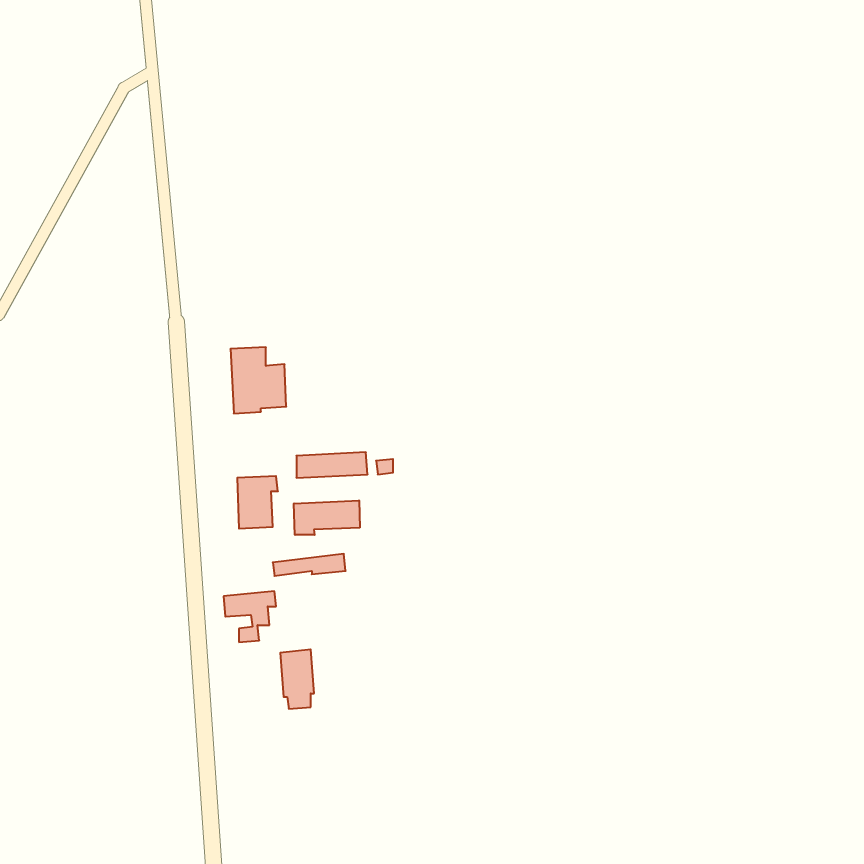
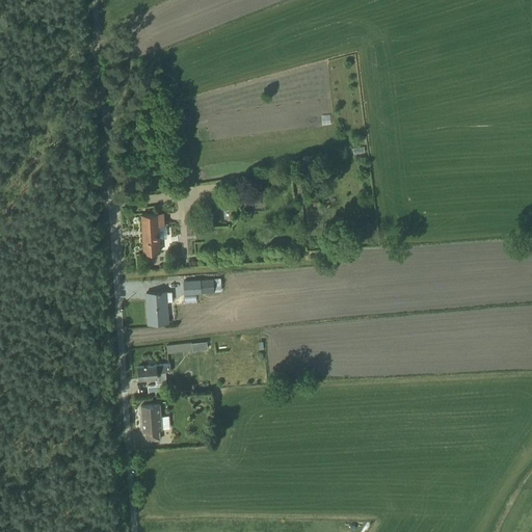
building: [294,500,360,535] -> none
building: [280,649,314,709] -> [140,405,161,442]

